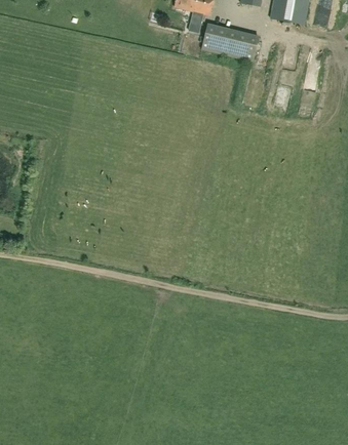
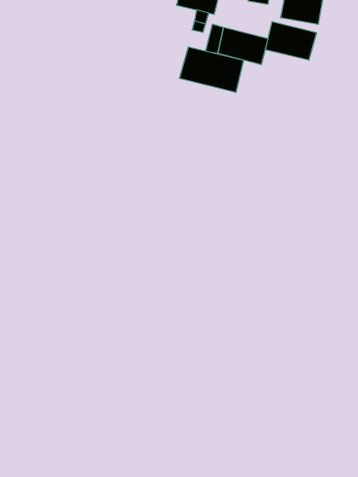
building: none -> [265,22,317,60]
building: none -> [179,47,243,93]

